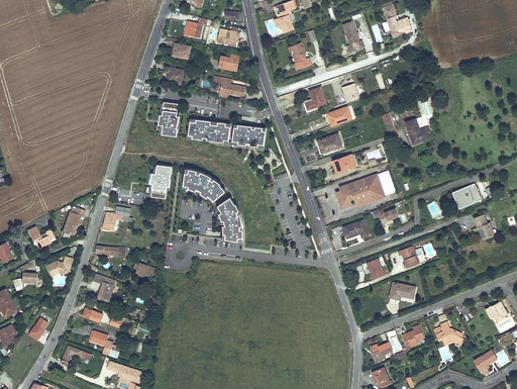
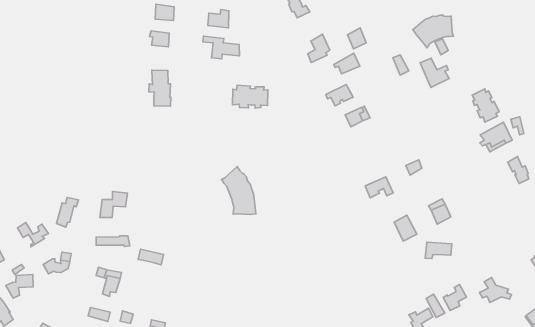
building: none -> [413,15,453,48]
building: [188,118,230,141] -> none
building: none -> [472,89,499,122]
building: [150,164,172,197] -> none
building: [183,167,225,202] -> none
building: [336,174,385,208] -> none

